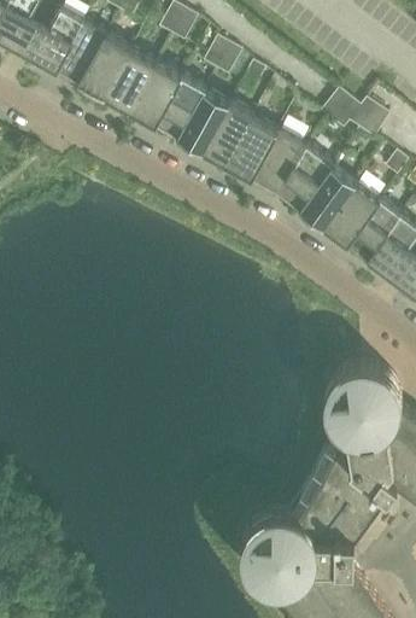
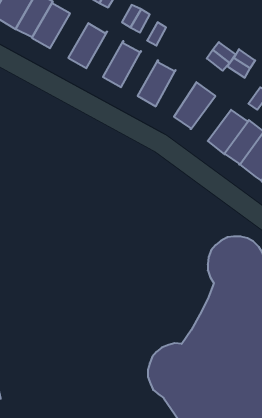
building: [102,49,156,111] -> none
building: [153,75,204,138] -> none
building: [201,101,252,164] -> none
building: [250,128,306,193] -> none
building: [299,164,355,227] -> none

